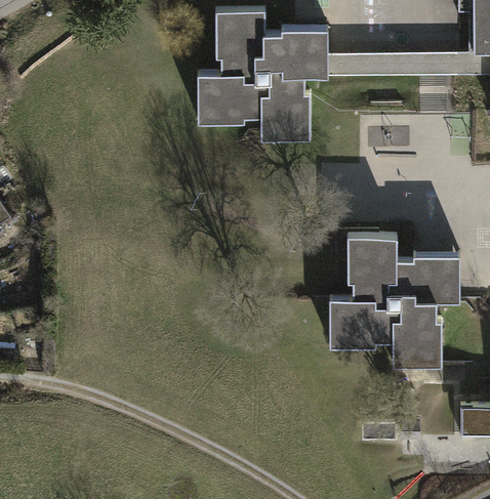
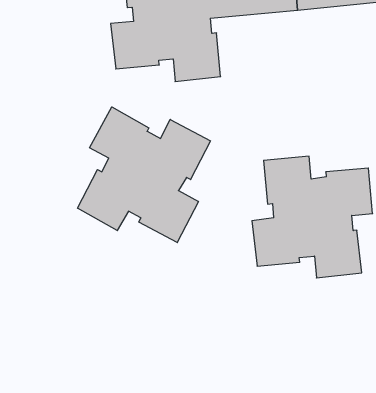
building: none -> [78,107,210,243]

